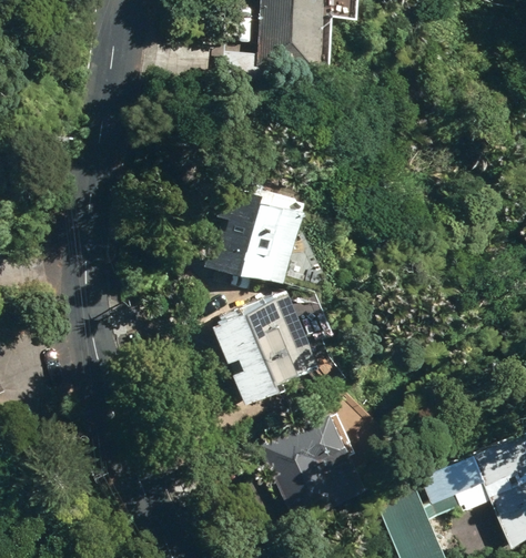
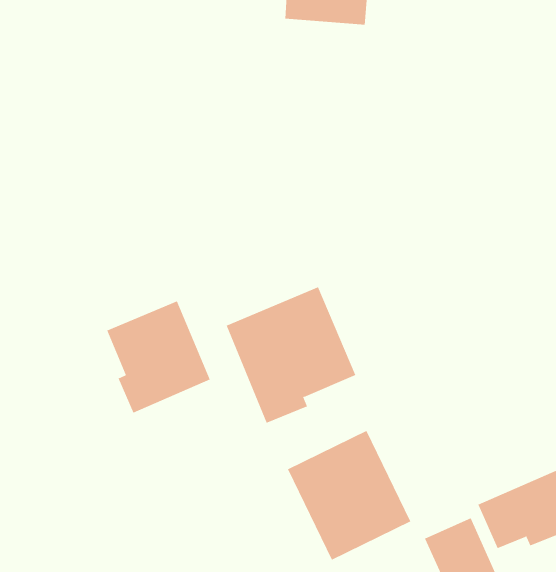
building: [202,182,302,285] -> none
building: none -> [106,301,211,413]

